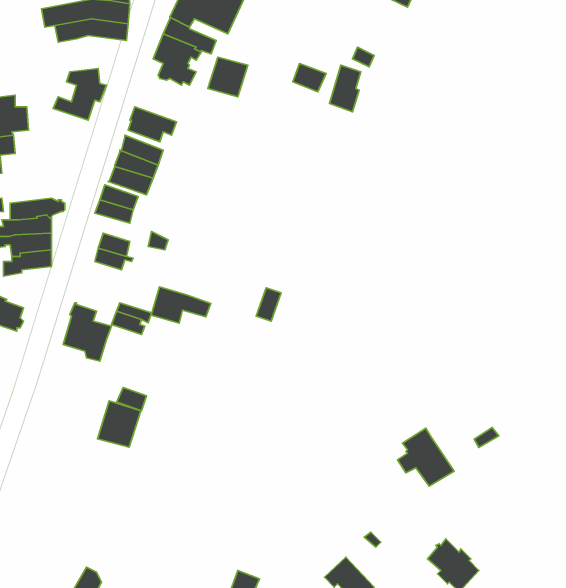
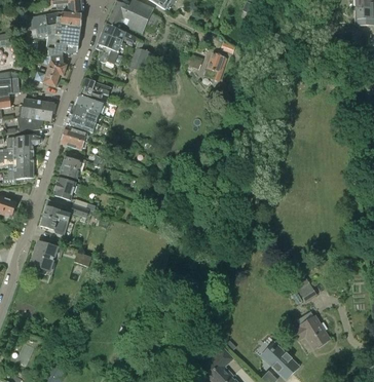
building: none -> [38,34,79,58]
building: none -> [17,98,53,131]
building: [151,287,211,323] -> [52,178,89,200]
building: [98,401,141,447] -> [30,241,57,270]
building: [398,428,454,486] -> [294,311,329,347]

